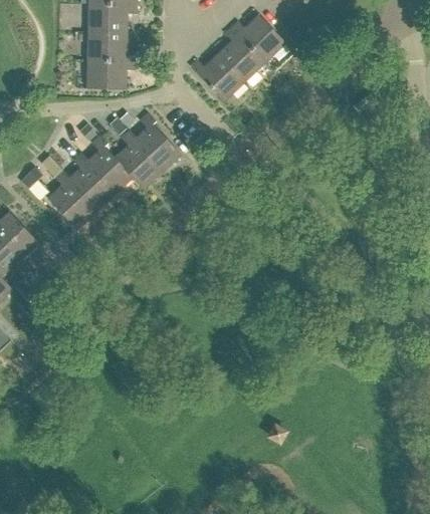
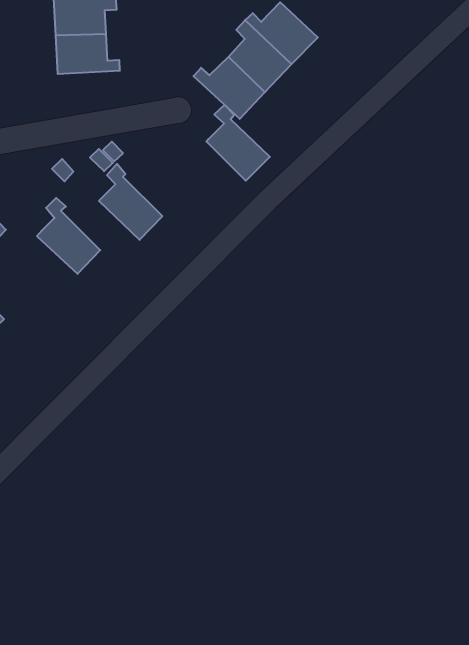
building: [86,59,135,88] -> none
building: [133,112,180,171] -> [206,105,270,181]
building: [84,136,132,194] -> none
building: [47,170,94,228] -> none

